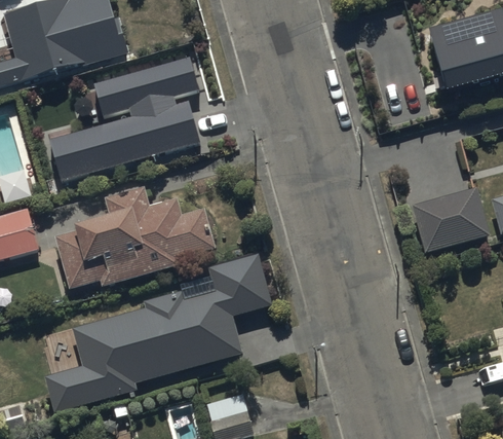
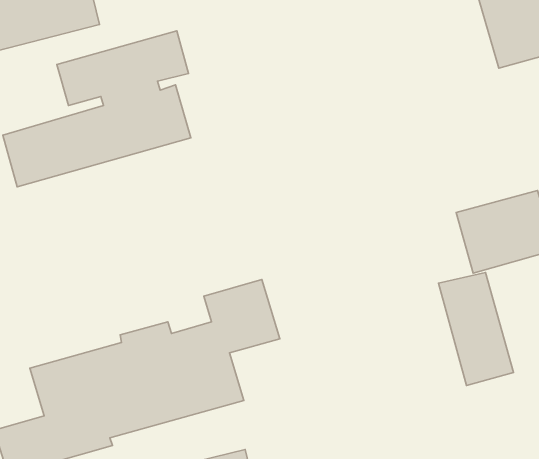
building: [53,185,215,286] -> none
building: none -> [439,272,513,385]

